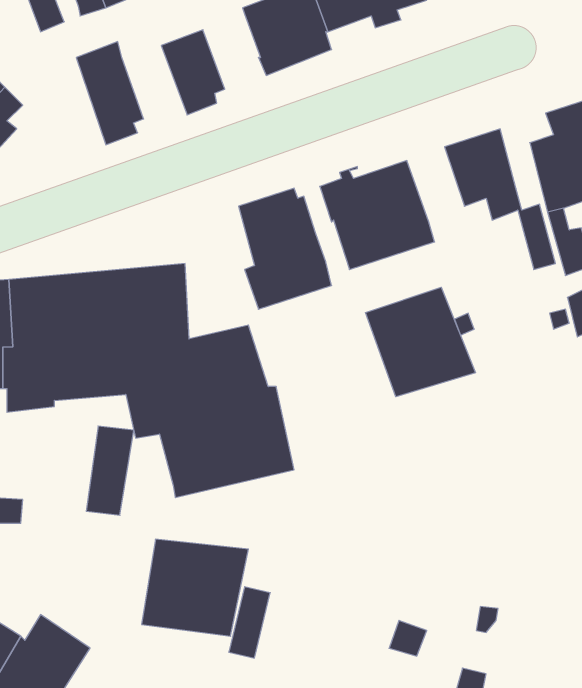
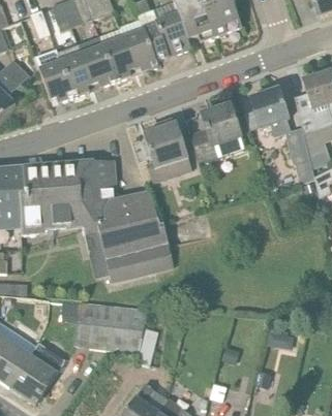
building: none -> [123,28,157,70]
building: none -> [81,43,115,86]
building: none -> [35,47,72,101]
building: [365,287,476,397] -> none
building: [86,426,134,515] -> [73,299,98,346]

